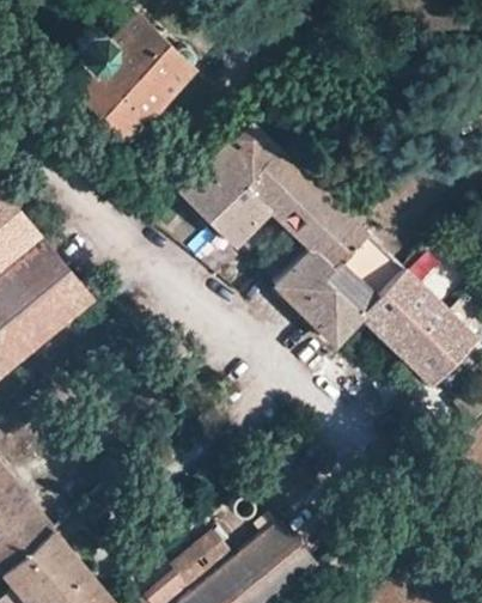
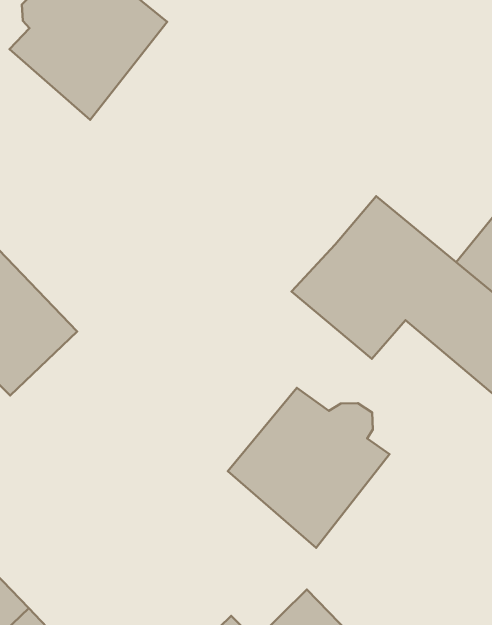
building: [177,122,344,254] -> none
building: none -> [228,388,389,548]

